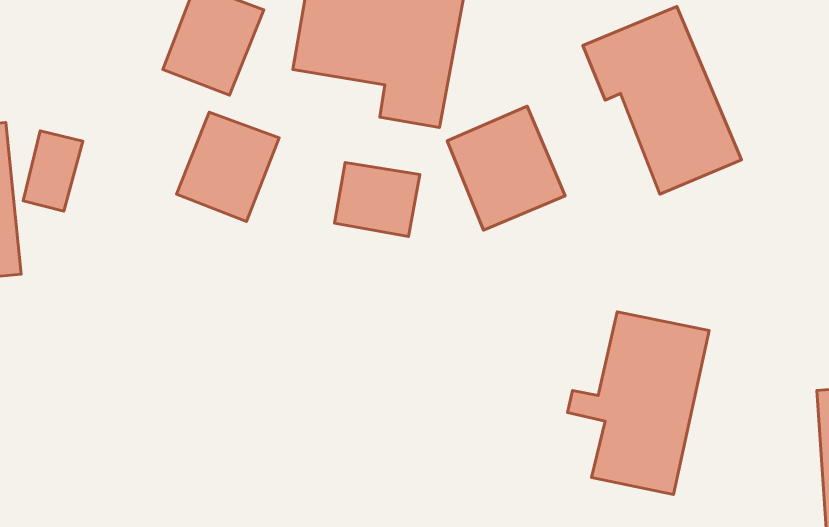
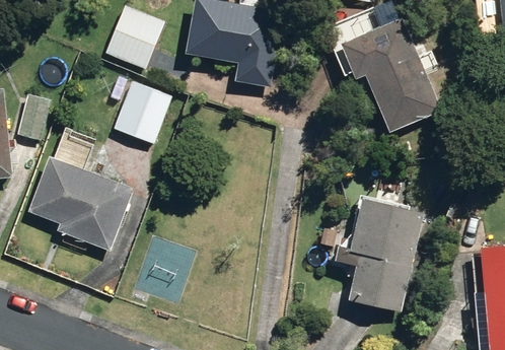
building: [447,106,565,230] -> none
building: [335,163,420,236] -> none
building: none -> [22,157,128,252]

